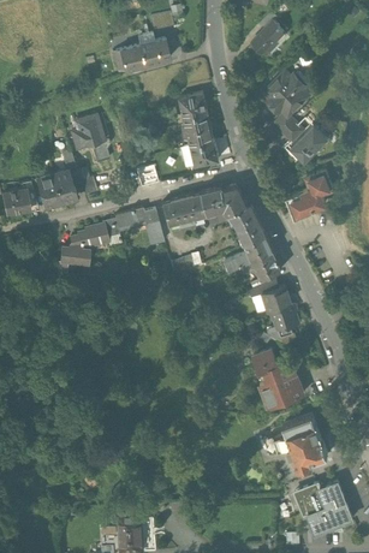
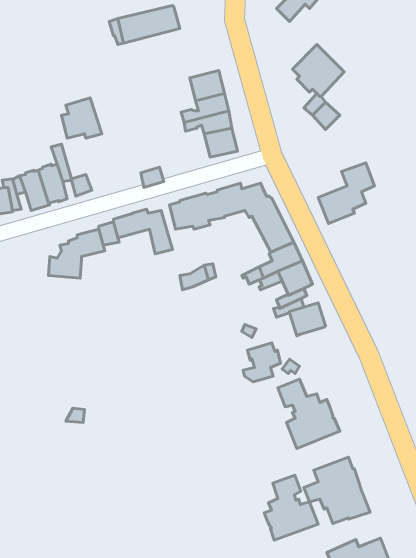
building: [290,124,328,162] -> none
building: [267,307,298,339] -> [243,343,281,382]
building: none -> [264,475,318,540]

